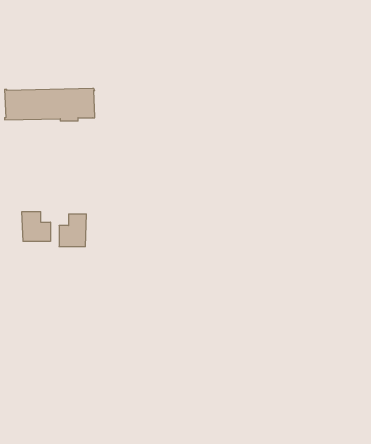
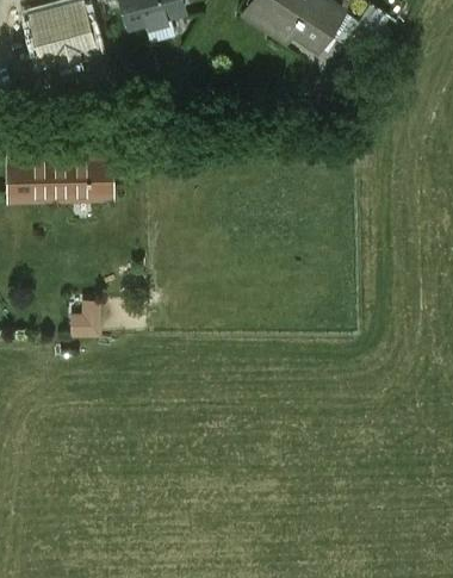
building: [22,212,50,241] -> none

